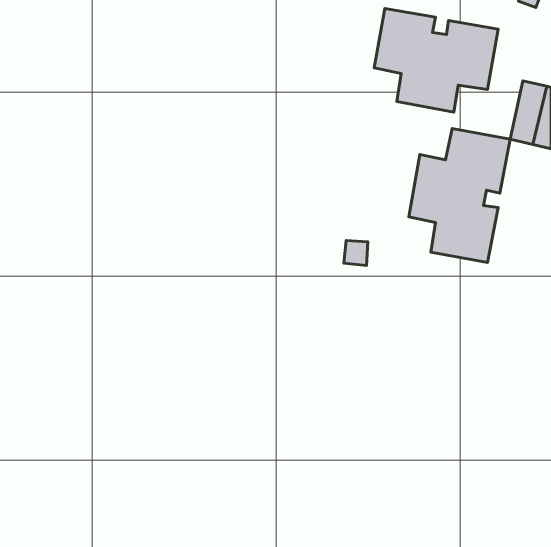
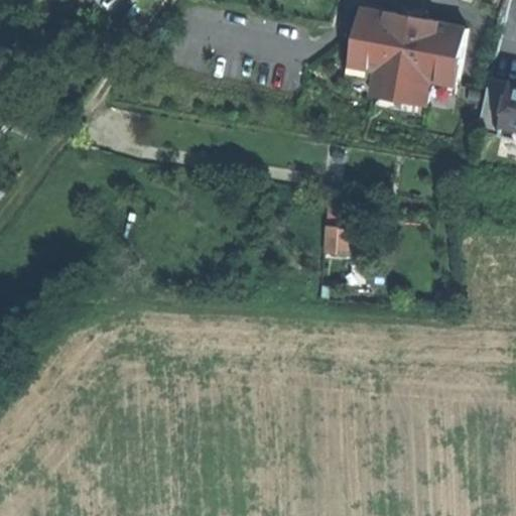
building: [409,128,510,263] -> none

